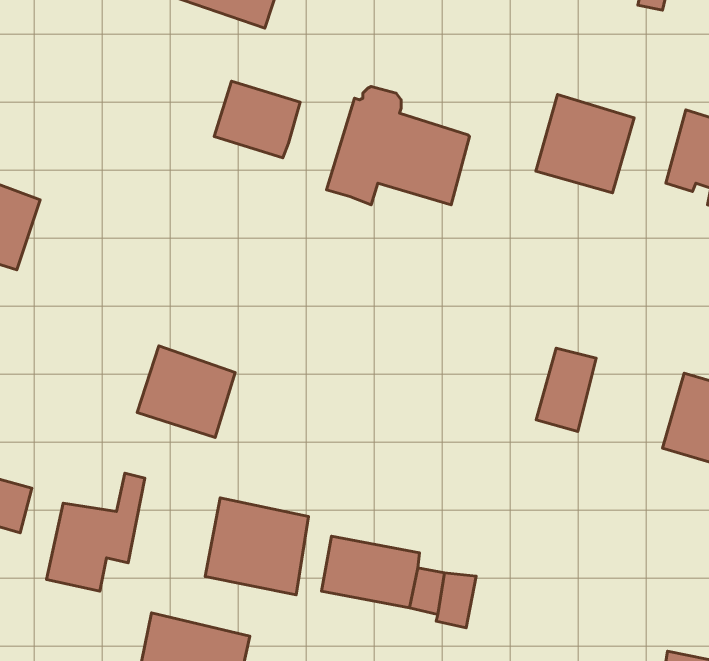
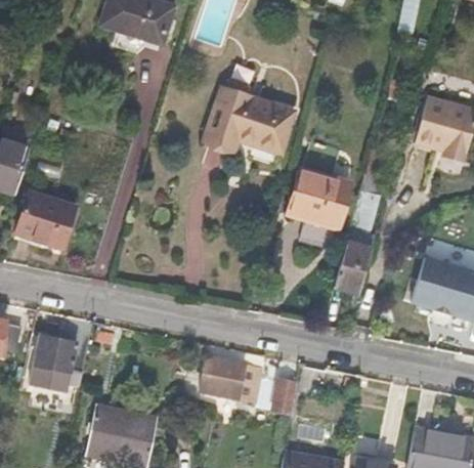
building: [214,81,300,158] -> none
building: [536,95,634,193] -> [289,168,349,228]
building: [137,346,235,437] -> [13,192,74,248]
building: [205,498,309,595] -> none

